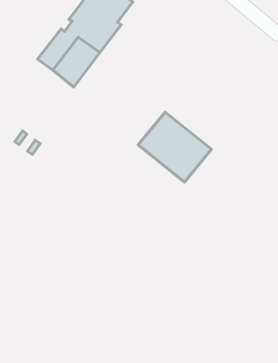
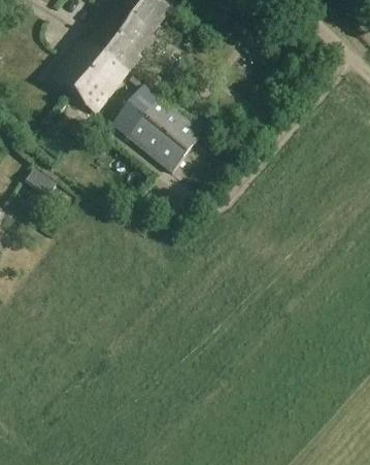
building: [138,112,211,182] -> [113,86,203,171]

